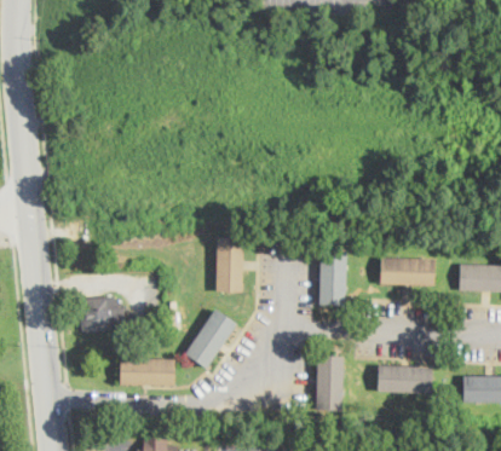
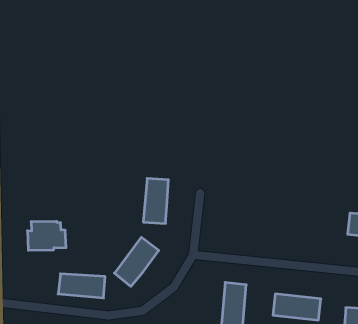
building: [318,251,346,306] -> none
building: [380,259,434,288] -> none

